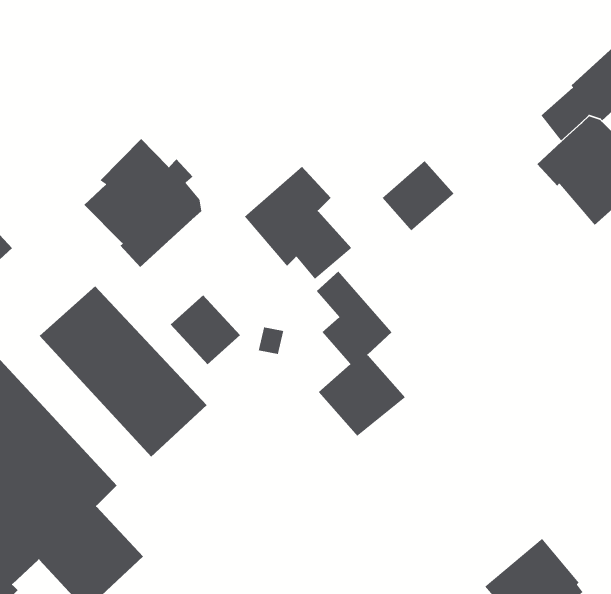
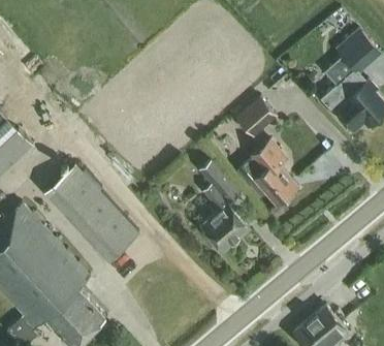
building: [83,138,202,268] -> none
building: [244,166,352,280] -> [237,143,297,206]
building: [170,294,241,365] -> none

